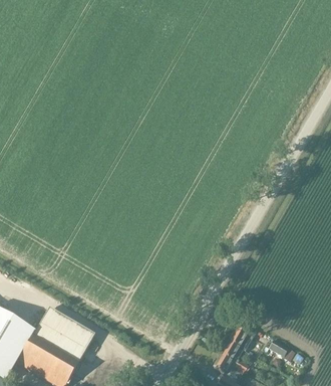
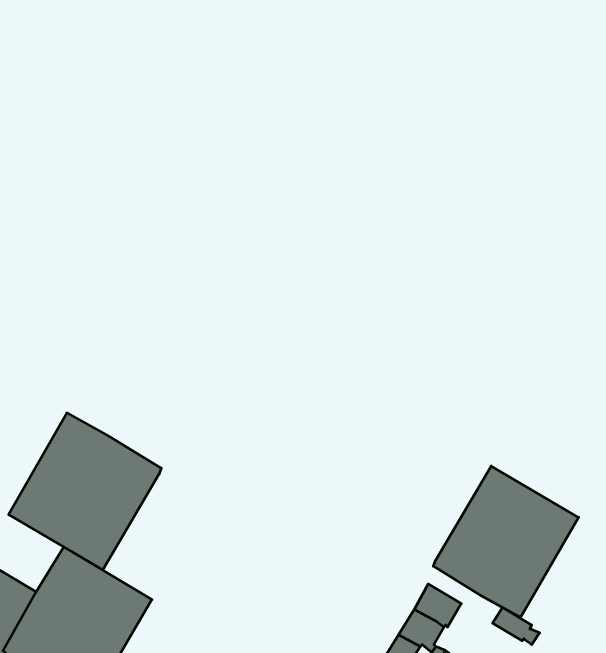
building: none -> [9,413,161,570]
building: none -> [433,466,579,618]

